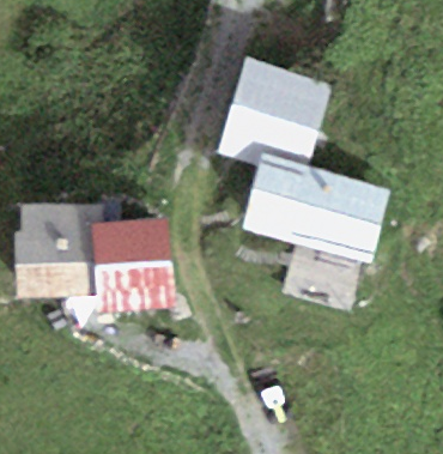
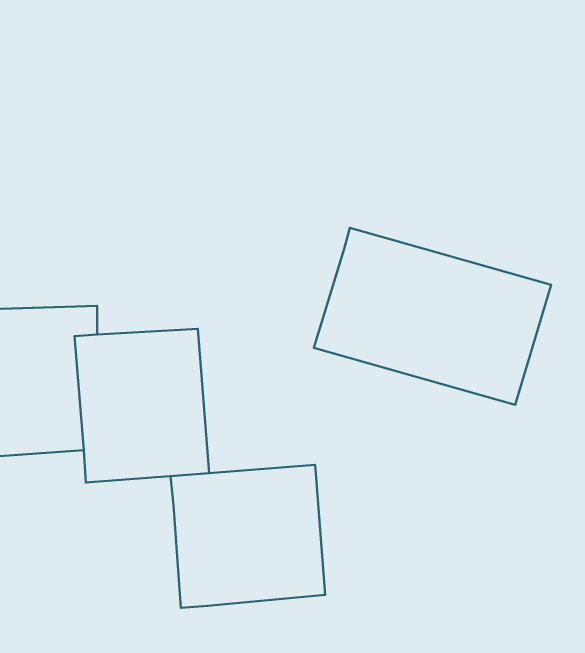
building: [218,60,332,167] -> none
building: none -> [171,465,325,608]

